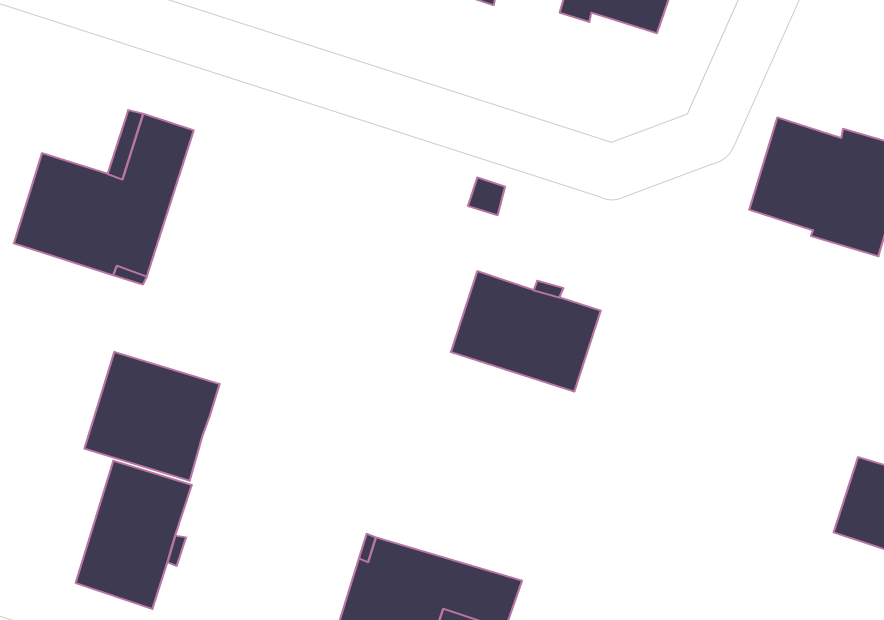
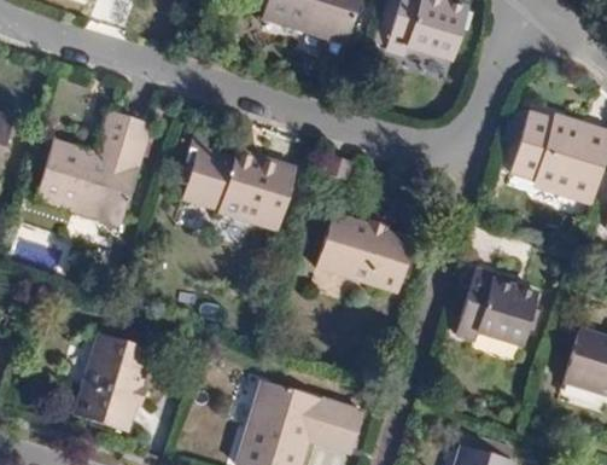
building: none -> [180,130,297,227]
building: [85,352,220,481] -> none
building: none -> [453,272,533,345]

